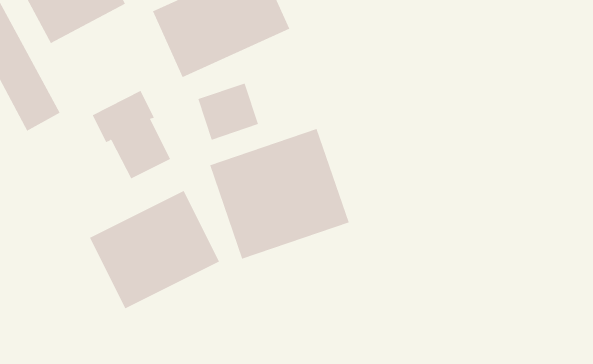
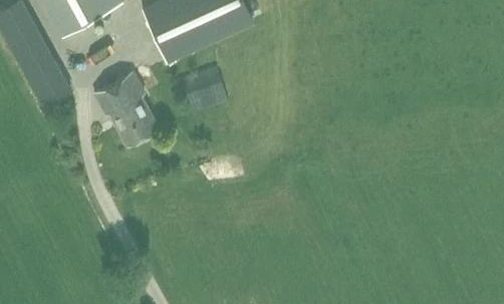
building: [209,128,349,259] -> none
building: [89,190,220,309] -> none

